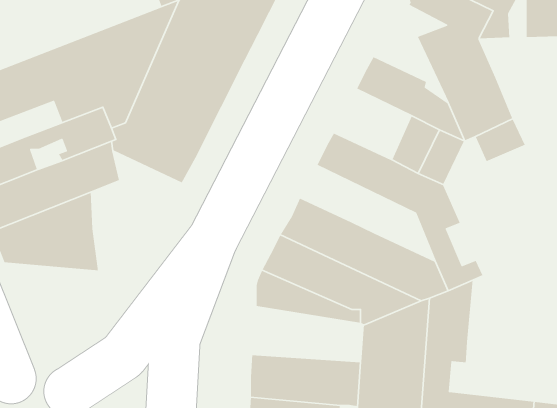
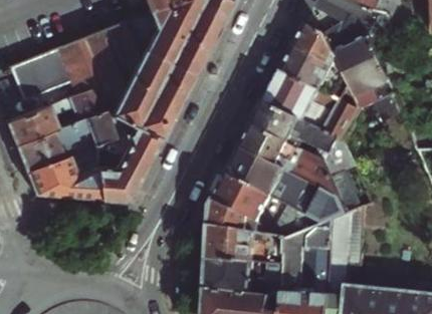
building: none -> [293,22,347,79]
building: none -> [265,69,320,119]
building: none -> [93,113,158,201]
building: none -> [241,123,338,192]
building: none -> [207,224,286,263]

